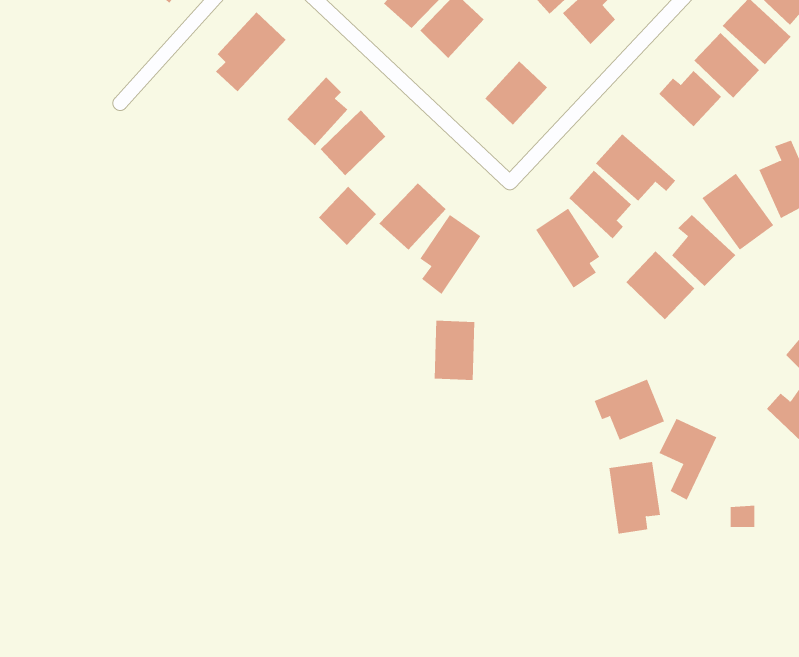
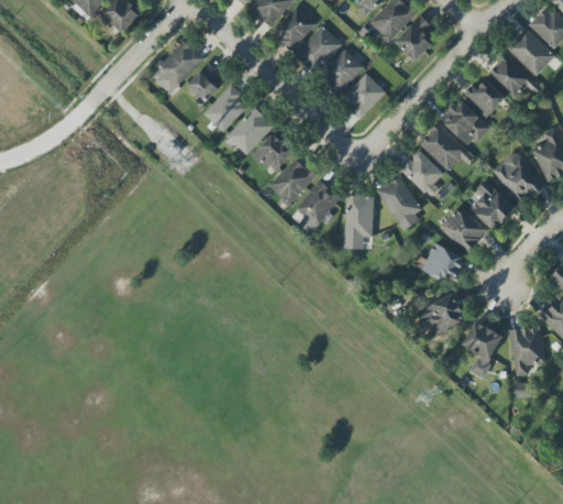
building: none -> [320,48,364,92]
building: none -> [187,62,221,101]
building: none -> [442,100,488,147]
building: [318,186,377,246] -> [253,132,294,174]
building: none -> [420,243,466,283]
building: [434,320,475,380] -> [344,195,373,237]
building: [608,461,661,534] -> [508,326,544,376]

